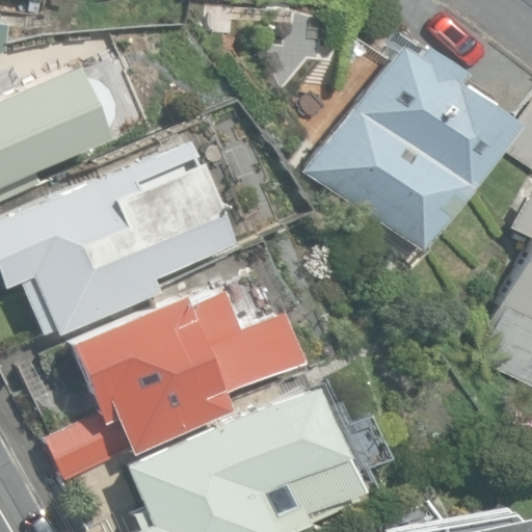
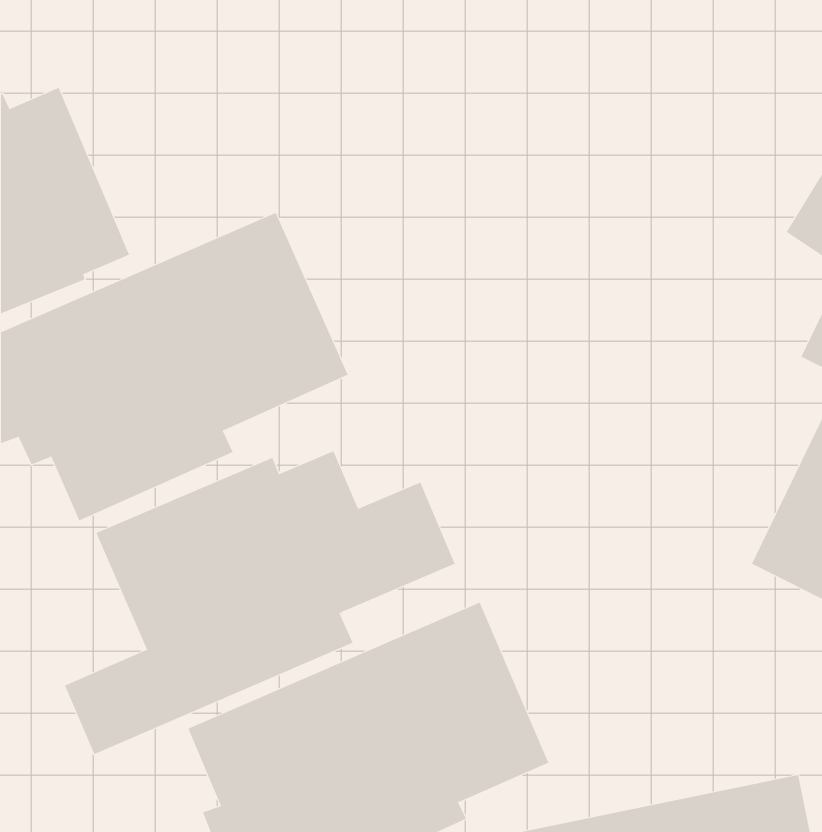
building: [313,46,512,251] -> none

